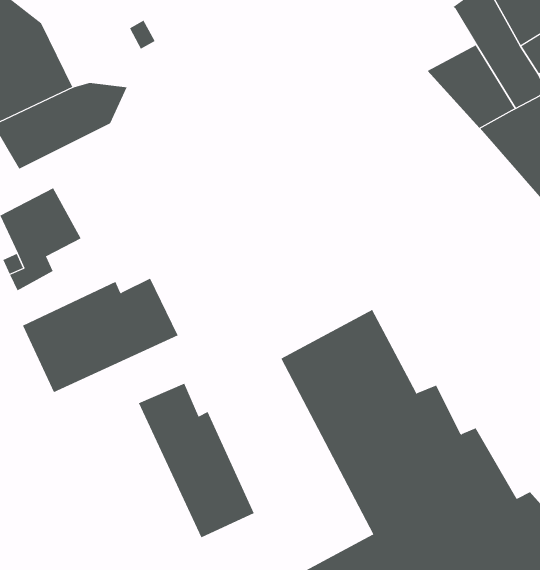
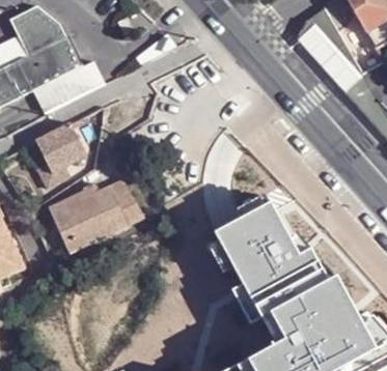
building: none -> [291,10,335,50]
building: [138,383,255,538] -> none

